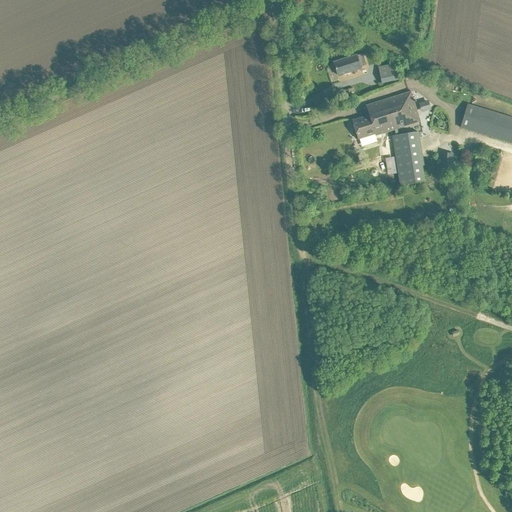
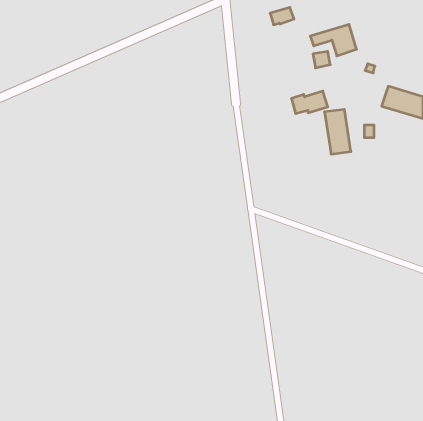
building: [332,52,361,73] -> [270,7,294,25]
building: [364,91,420,129] -> [310,24,357,56]

